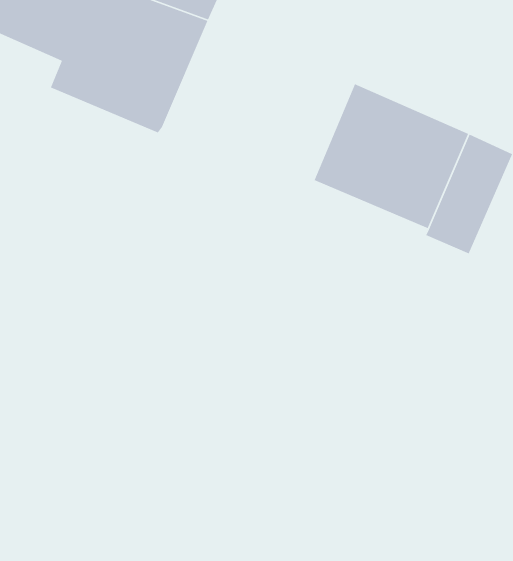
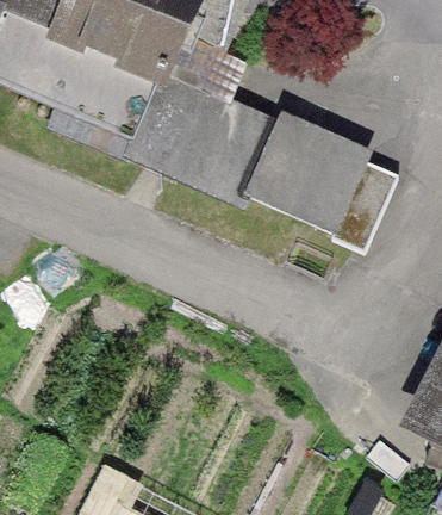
building: none -> [136,62,281,192]

